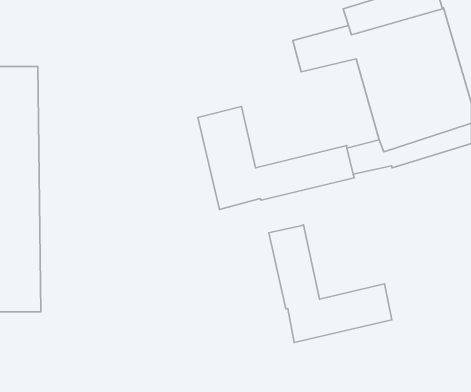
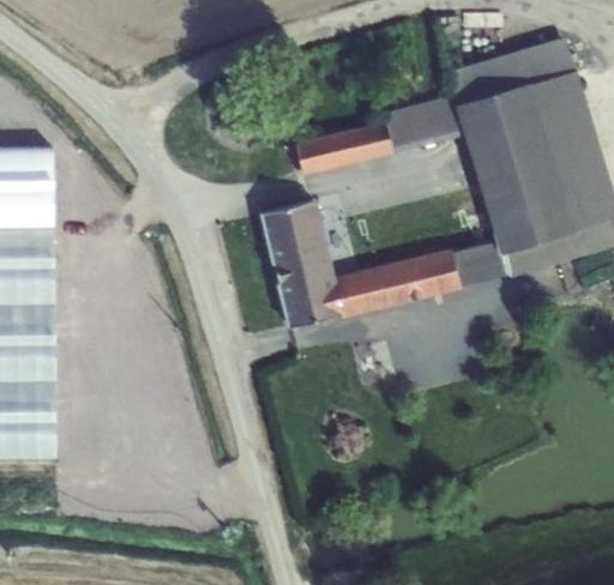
building: none -> [295,121,393,176]
building: [269,225,392,343] -> none

